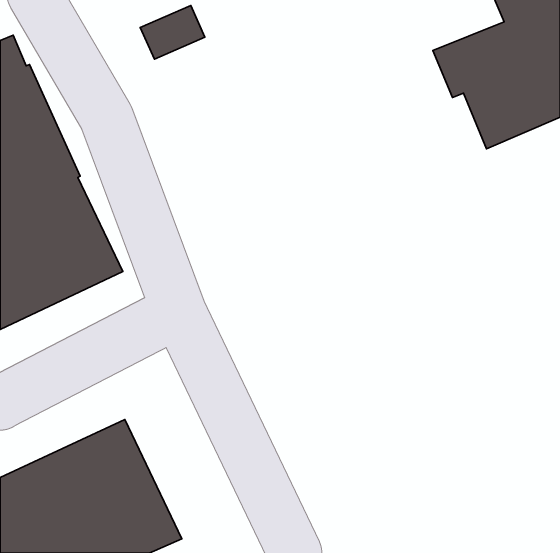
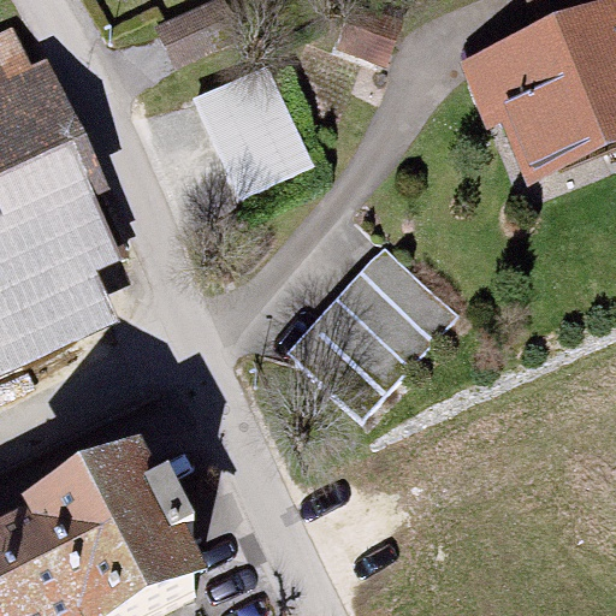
building: none -> [192,73,303,197]
building: none -> [291,243,458,413]

